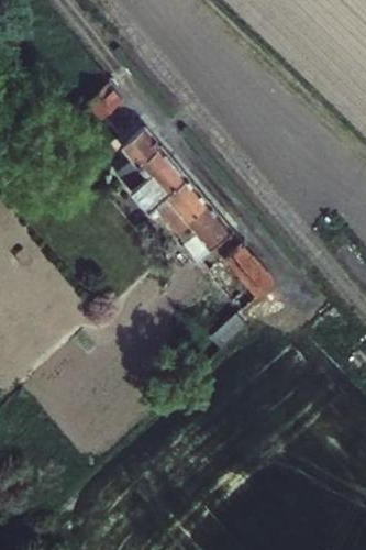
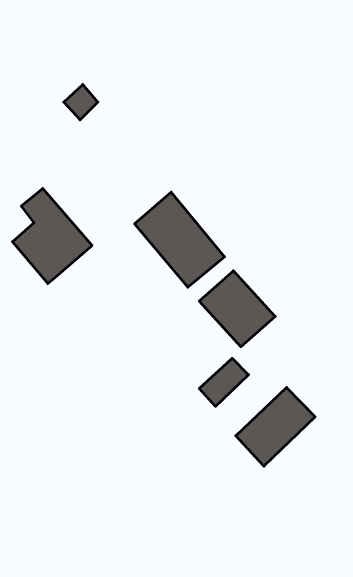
building: [115,127,185,209] -> [12,188,92,284]
building: none -> [236,387,315,466]

